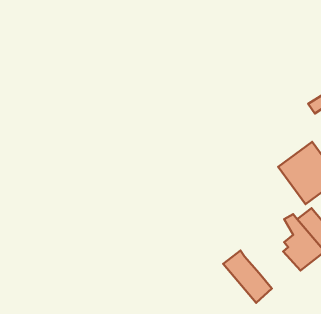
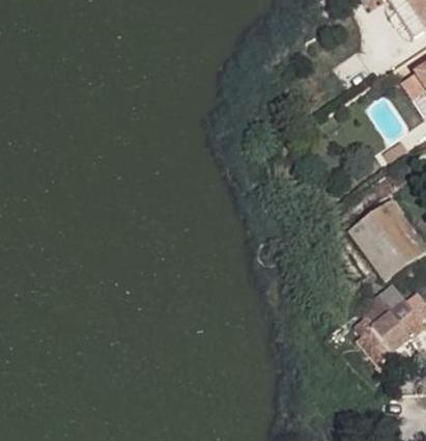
building: [223,251,272,303] -> none

